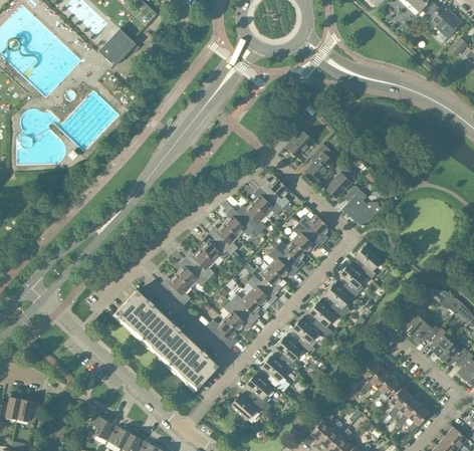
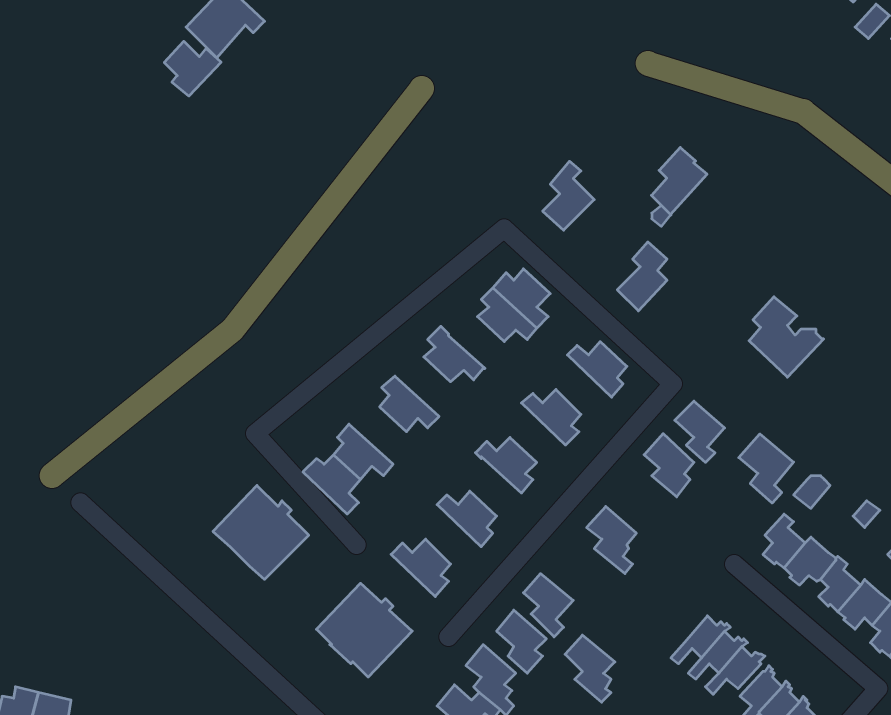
building: none -> [164,41,221,96]
building: [308,145,337,180] -> [651,147,707,215]
building: [342,187,382,229] -> [749,297,824,377]
building: [237,203,266,234] -> none
building: [293,223,322,254] -> none
building: [209,224,238,255] -> none
building: [269,248,298,279] -> none
building: [185,250,215,280] -> none
building: none -> [739,434,794,503]
building: [248,276,278,307] -> none
building: [325,284,351,317] -> none
building: [225,301,254,332] -> none
building: [141,317,191,367] -> none
building: [292,319,318,355] -> [565,635,615,702]

